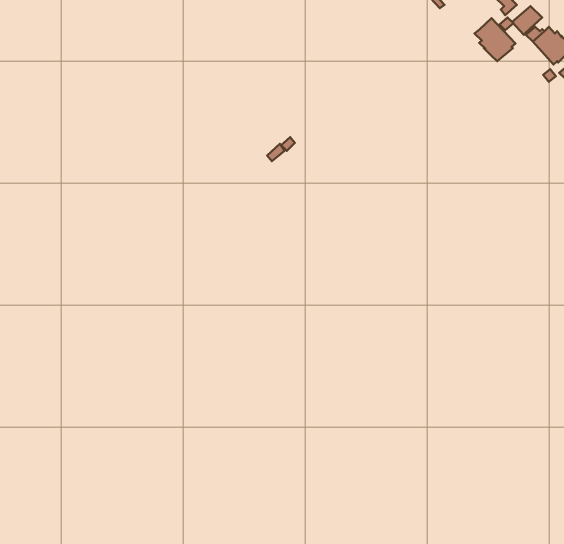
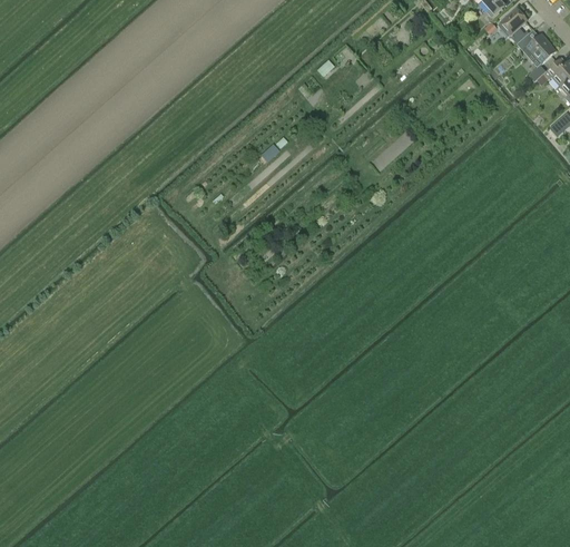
building: [475,18,515,61] -> none

